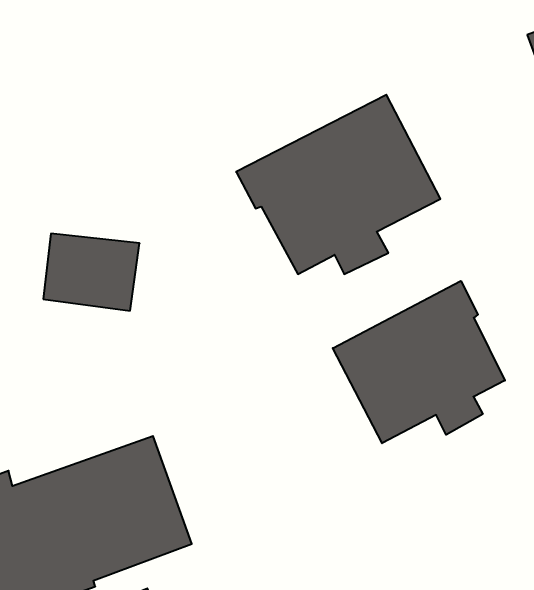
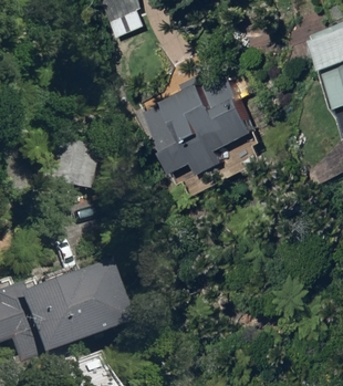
building: [333,281,505,443] -> none

